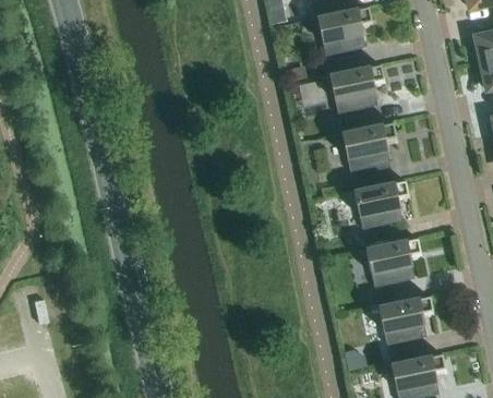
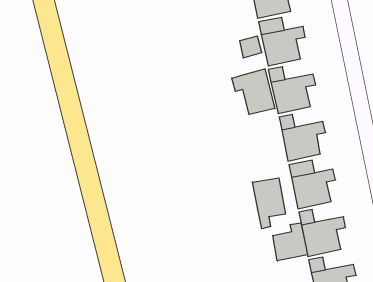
building: none -> [232,69,275,115]
building: none -> [252,178,285,229]
building: none -> [273,223,307,261]

